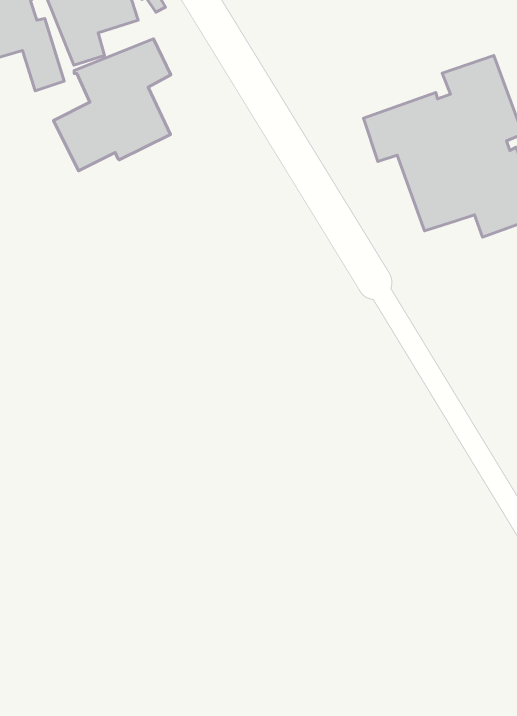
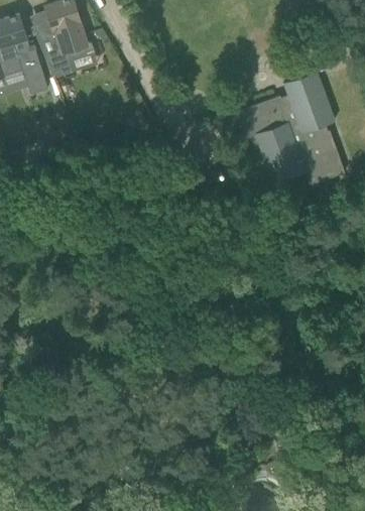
building: [54,39,171,171] -> none

